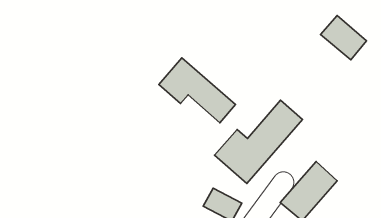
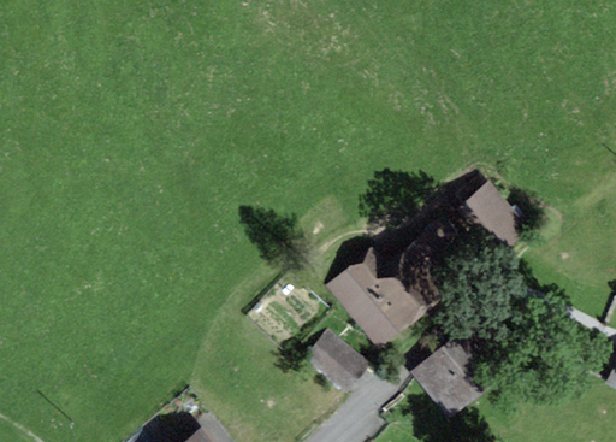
building: [321,16,367,60] -> [460,185,526,254]
building: [159,58,236,123] -> none

